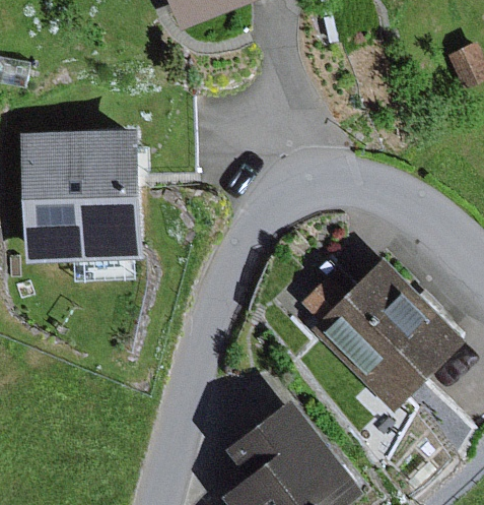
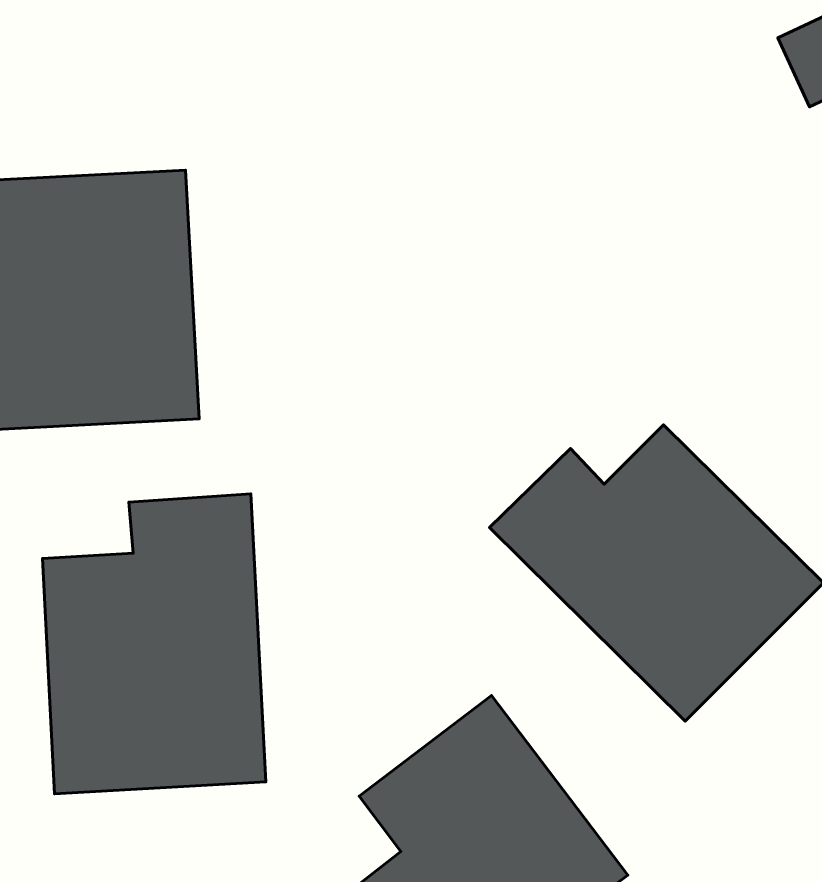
building: none -> [43,494,266,794]

